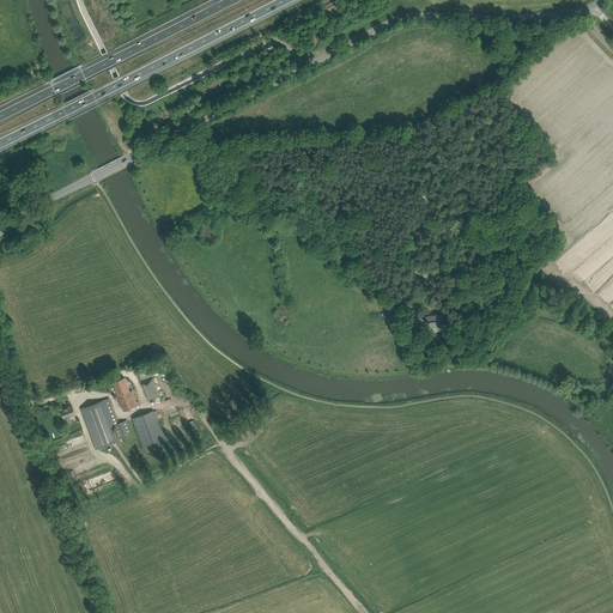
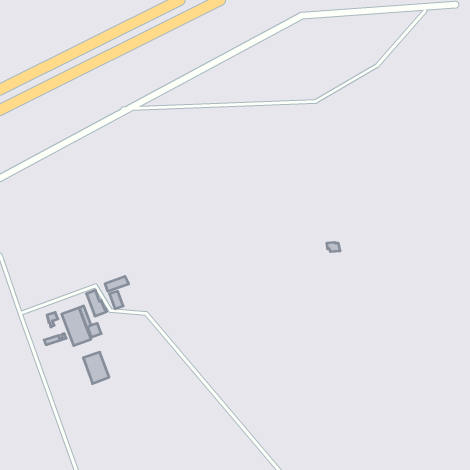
building: [132,412,165,453] -> [83,352,109,384]

